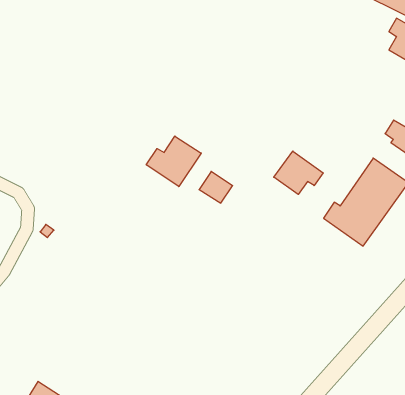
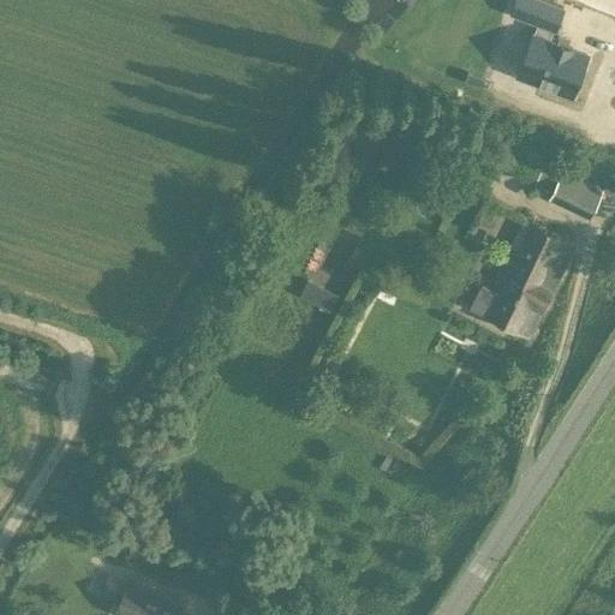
building: [146,136,201,187] -> none
building: [274,151,323,194] -> none

